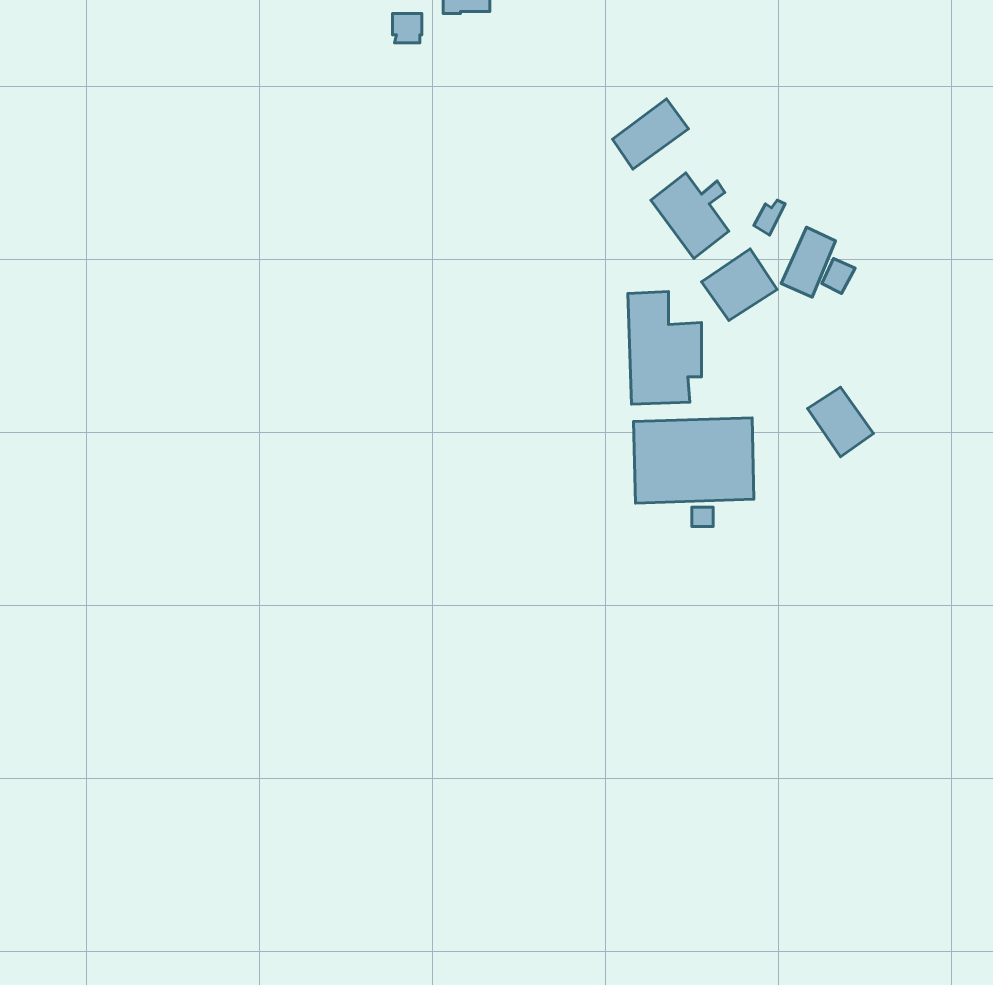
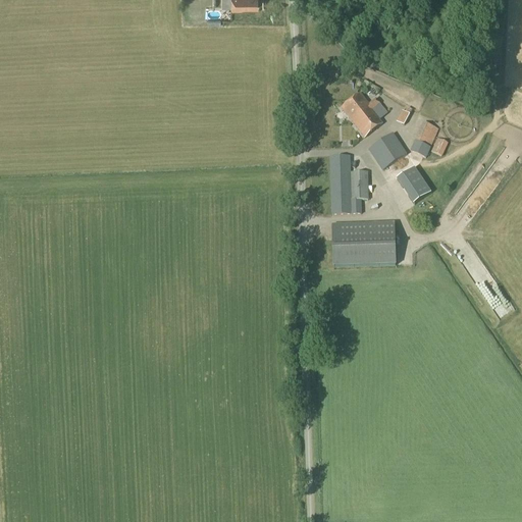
building: [613,99,688,169] -> none
building: [807,387,873,457] -> [396,166,430,203]

